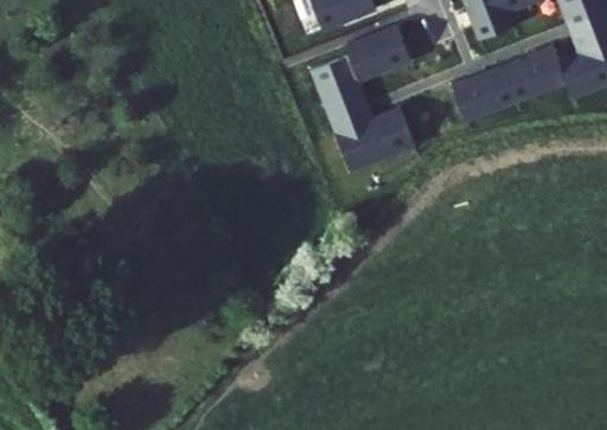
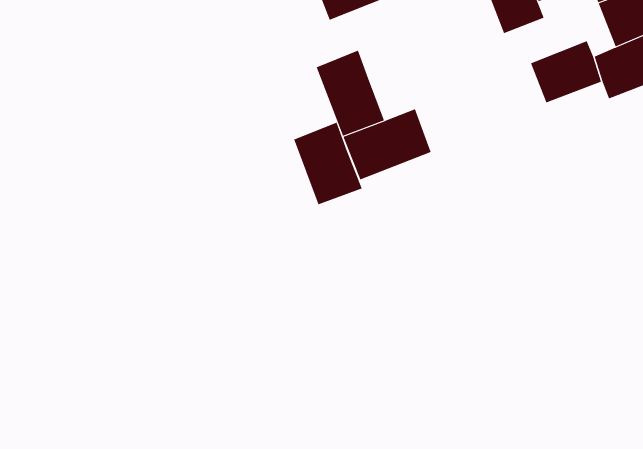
building: [345,26,411,82] -> none
building: [451,68,516,123] -> none
building: none -> [293,122,362,205]

